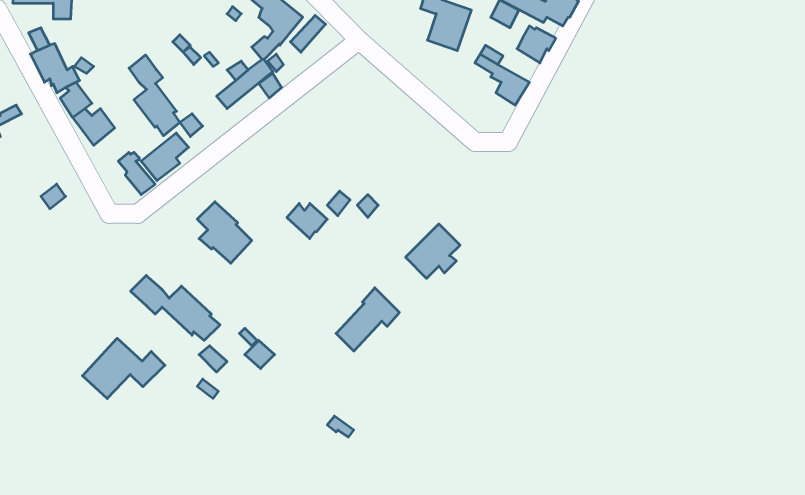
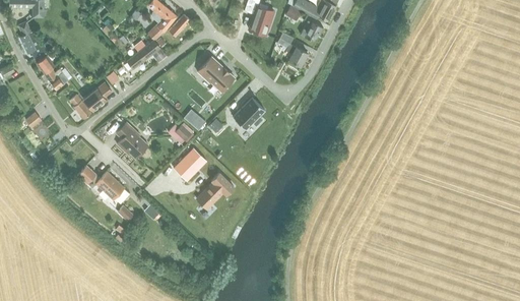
building: [129,55,180,136] -> none
building: none -> [196,56,233,92]
building: [406,224,460,278] -> [233,97,264,128]
building: none -> [173,146,206,180]
building: [82,338,165,399] -> none

